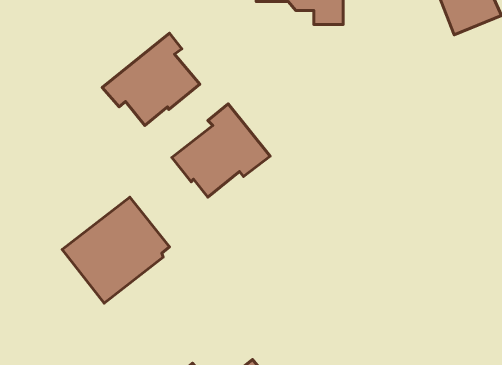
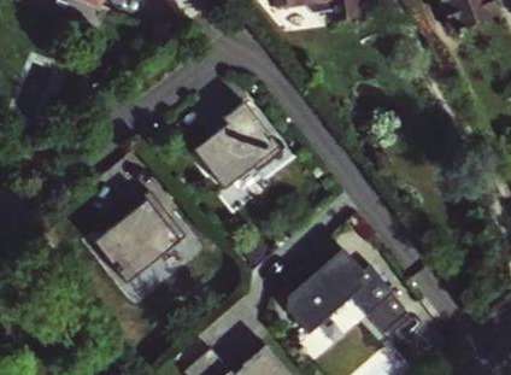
building: [102,33,200,125] -> none
building: none -> [290,250,412,338]

